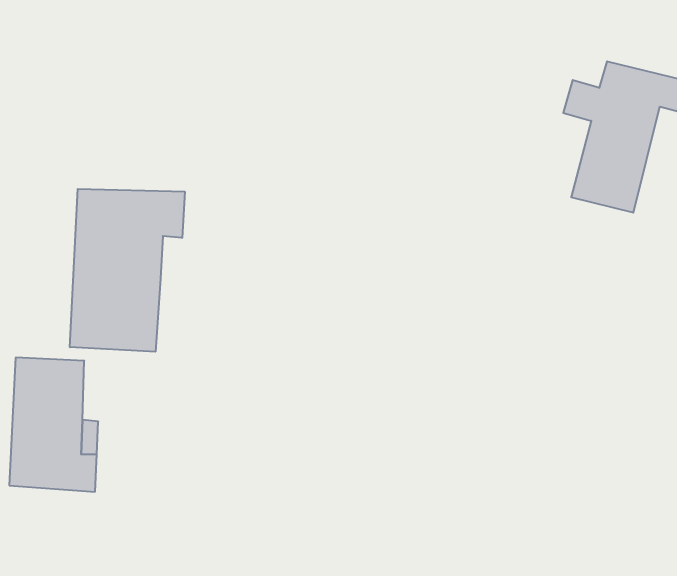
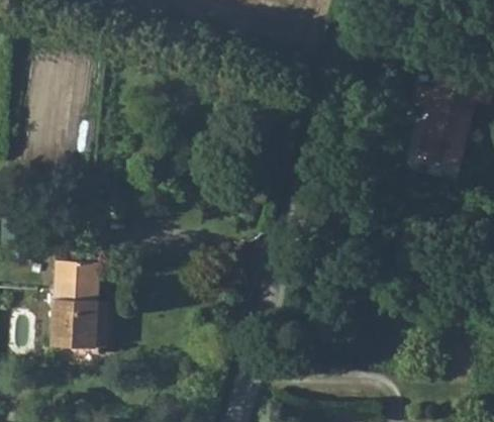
building: [70,189,185,352] -> none

